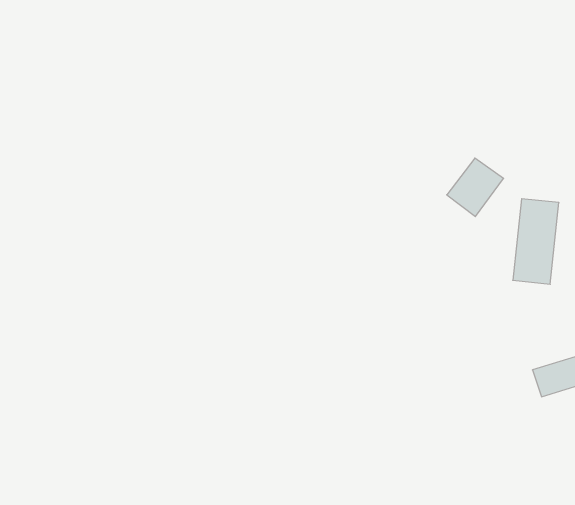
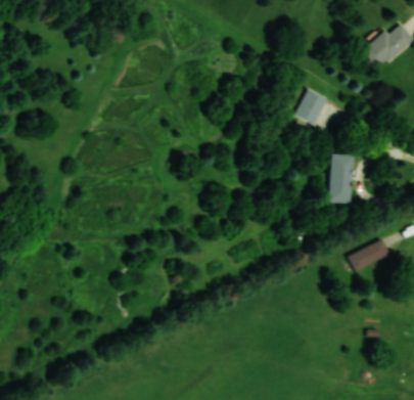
building: [447,158,504,217] -> [295,90,328,125]

